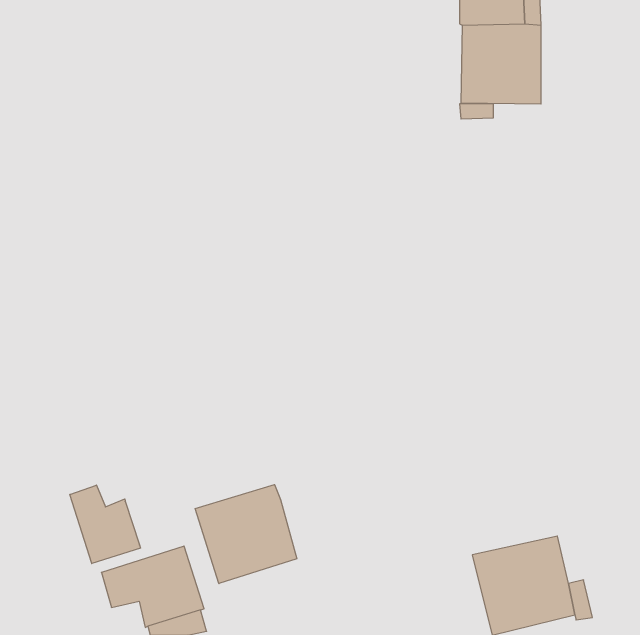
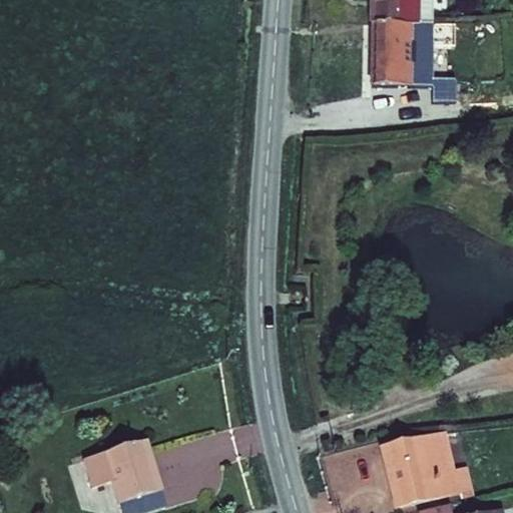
building: [195,485,297,584] -> none
building: [70,485,140,564] -> none

